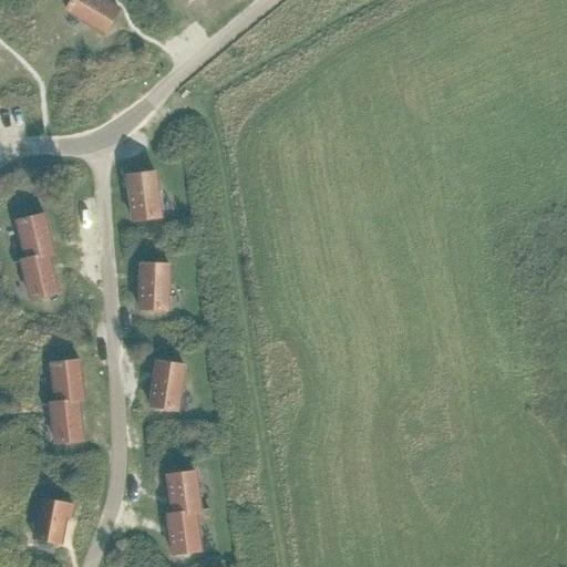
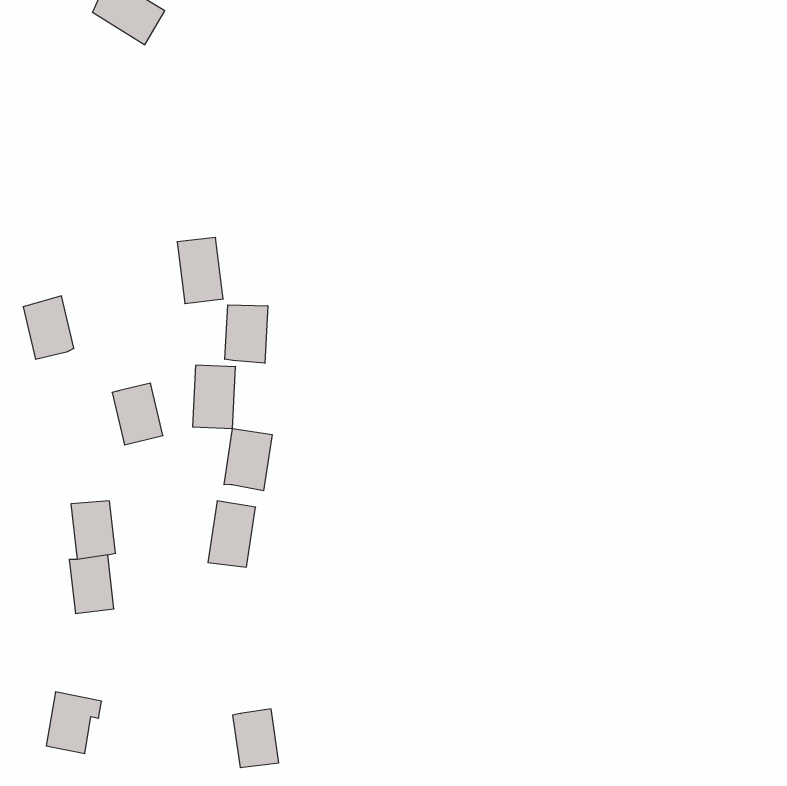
building: none -> [225,305,268,363]
building: [21,252,58,297] -> [112,383,163,445]
building: none -> [224,428,272,491]
building: [167,471,200,513] -> none

